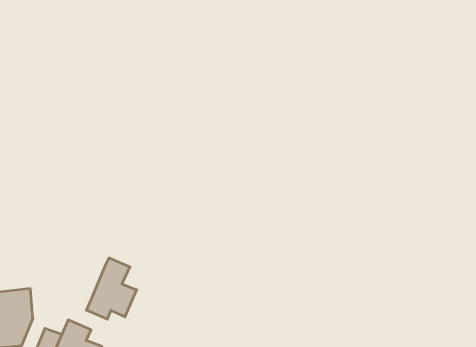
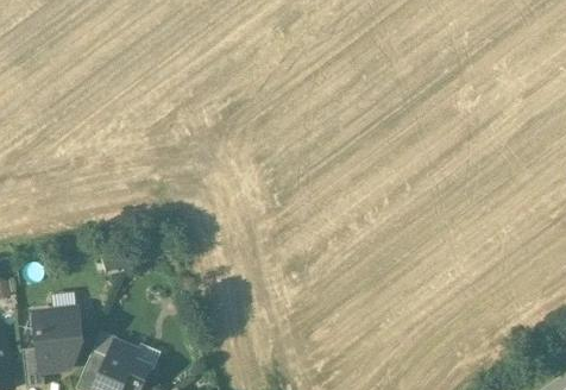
building: [86,258,137,319] -> none

